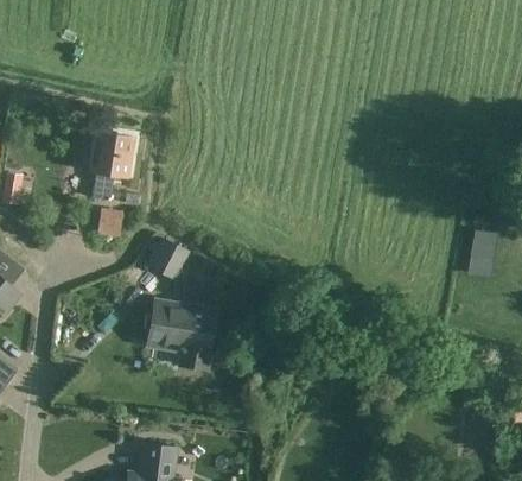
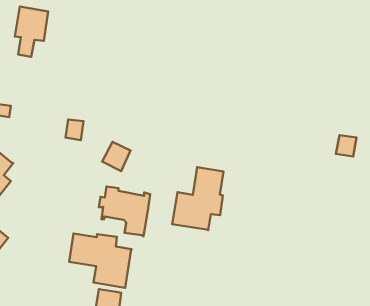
building: [85,131,132,201] -> [15,6,48,57]
building: none -> [172,167,224,230]
building: none -> [69,234,132,288]

